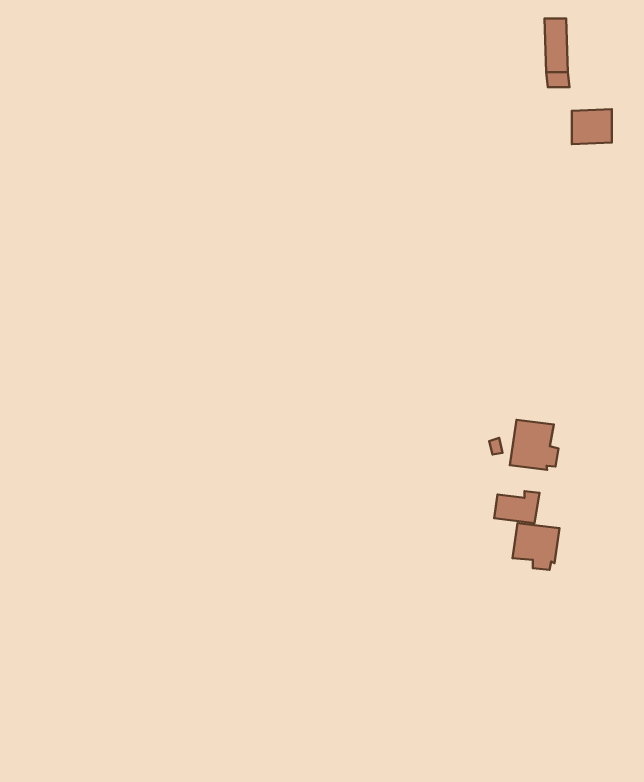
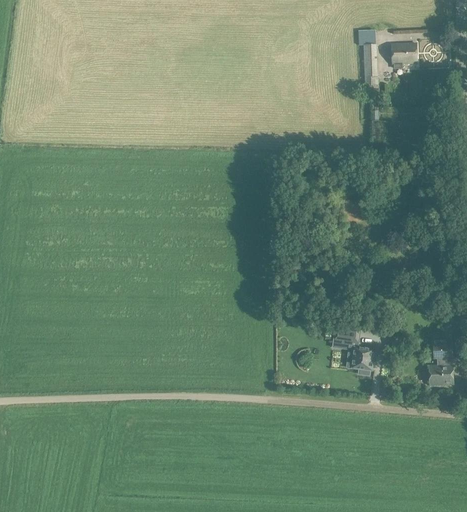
building: [572,109,612,144] -> [392,43,416,64]
building: [510,420,558,470] -> none

